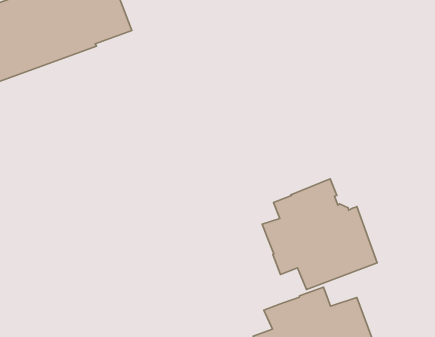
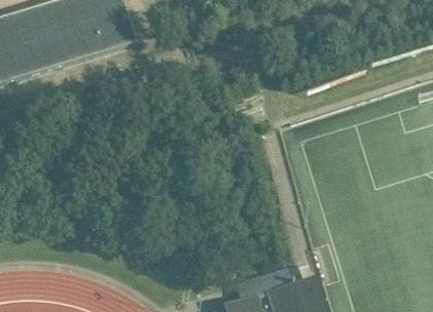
building: [262,179,377,289] -> none

